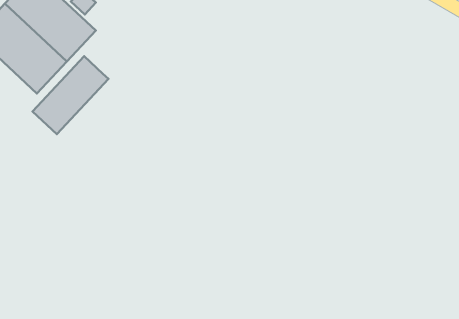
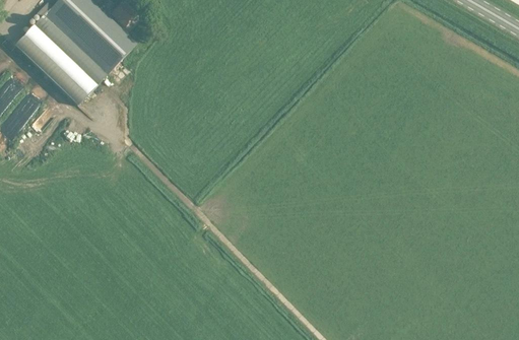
building: [32,56,108,134] -> none

